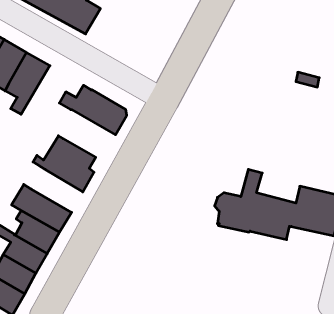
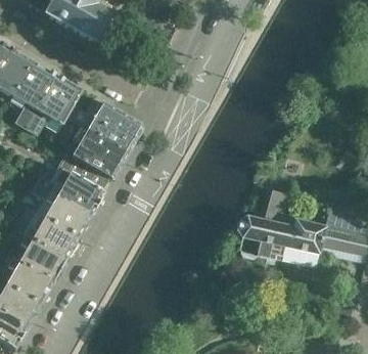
building: none -> [26,76,82,136]
building: none -> [72,124,129,179]
building: none -> [32,183,93,236]

